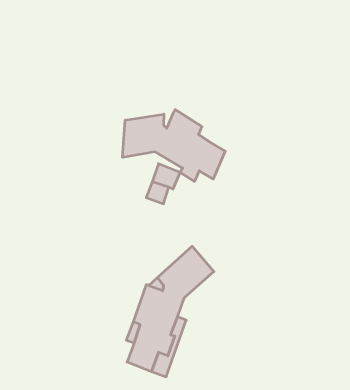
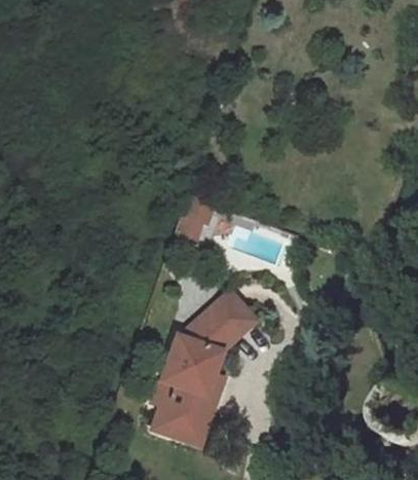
building: [123,110,225,181] -> none

